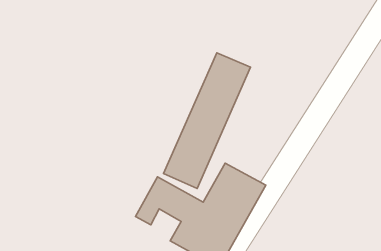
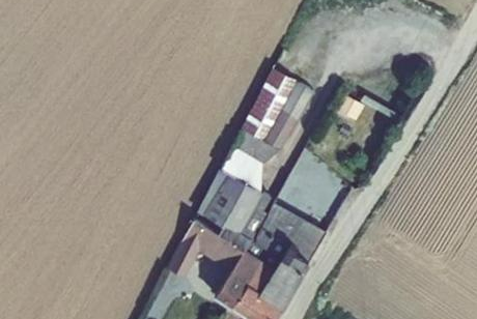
building: none -> [286,160,330,203]

